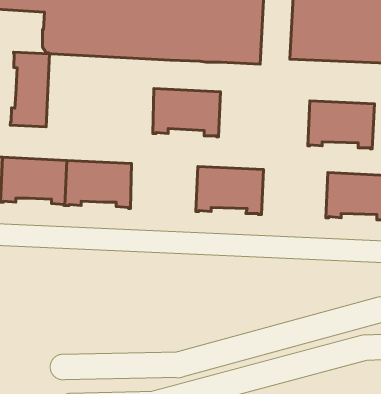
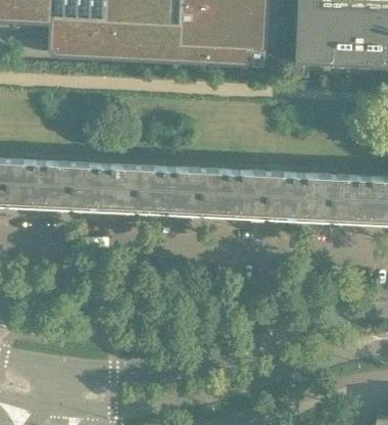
building: [10,52,50,127] -> none
building: [153,89,220,137] -> [136,170,203,218]
building: [308,101,374,149] -> [266,176,333,224]

